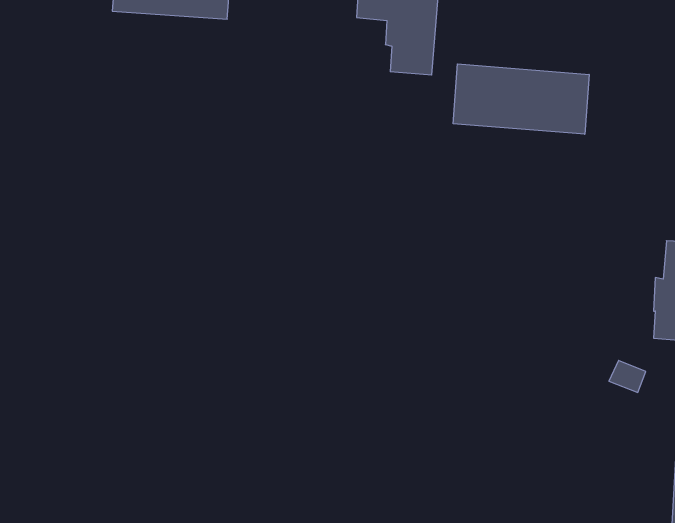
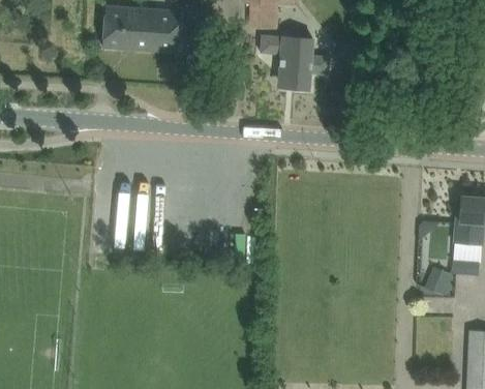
building: [453,64,589,134] -> none

